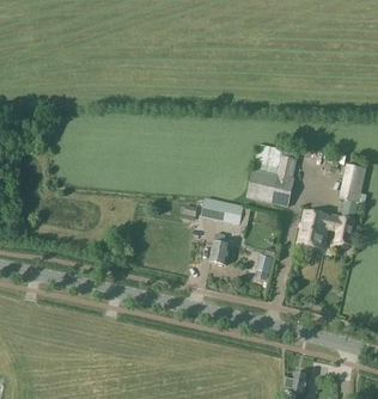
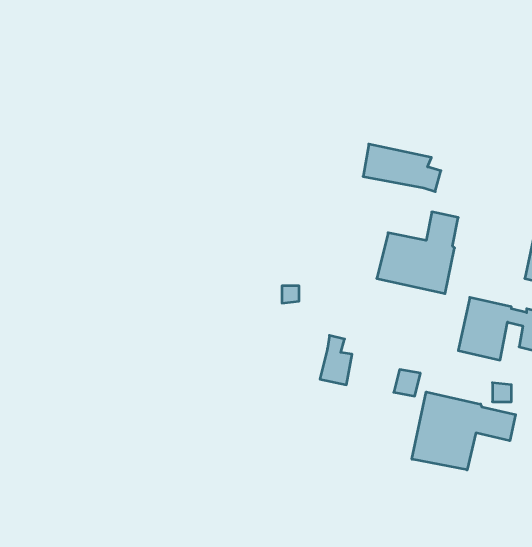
building: [202,197,251,227] -> [363,144,441,192]
building: none -> [412,392,516,470]

